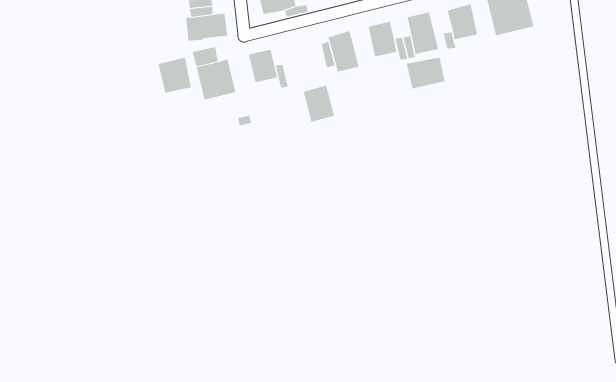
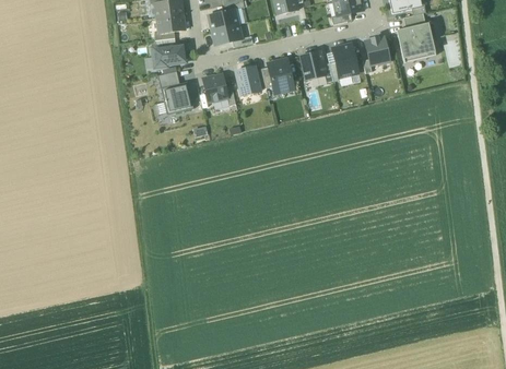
building: [158,57,191,94] -> none
building: [406,57,445,89] -> none
building: [303,85,335,123] -> [235,64,261,95]

